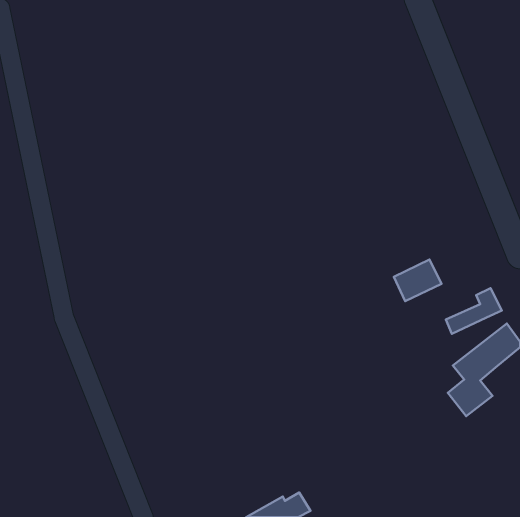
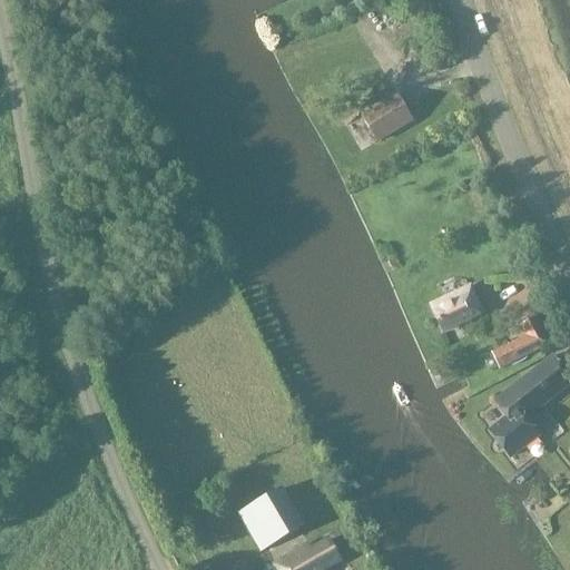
building: none -> [361,91,412,140]
building: none -> [238,490,299,550]

